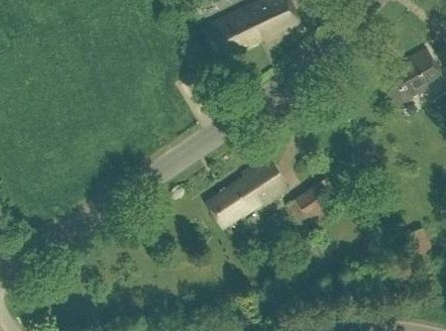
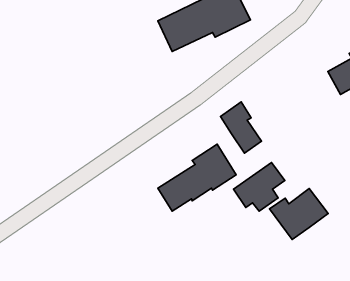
building: none -> [220,102,261,153]
building: none -> [270,188,328,239]

